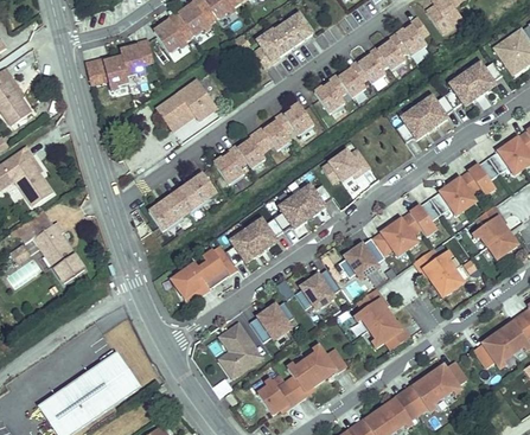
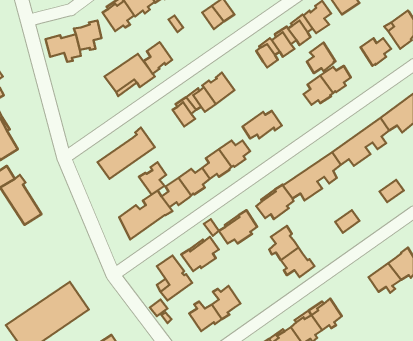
building: [254,28,288,66] -> [144,42,172,74]
building: [445,71,479,108] -> [307,43,335,73]
building: [314,72,347,113] -> none
building: [213,143,247,183] -> [139,162,166,195]
building: [472,205,507,245] -> none
building: [415,248,455,282] -> none
building: [306,345,346,380] -> none
building: [428,360,467,396] -> none

